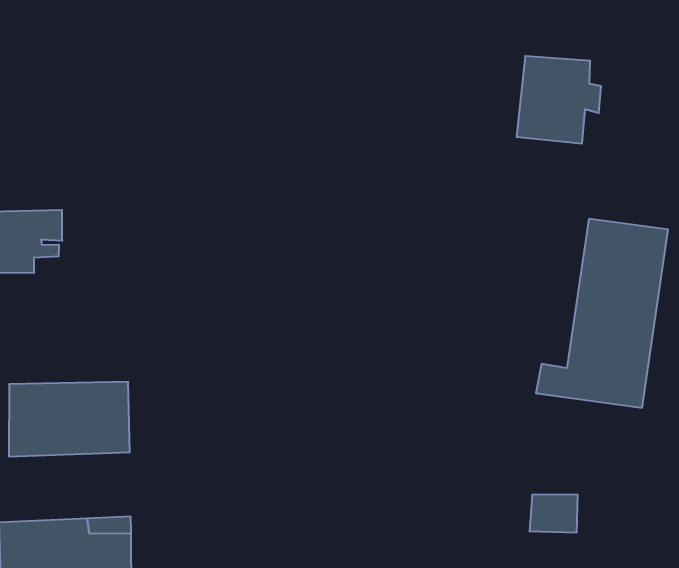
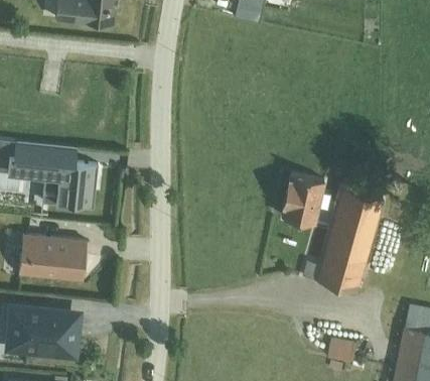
building: [517,56,601,144] -> [281,174,329,225]
building: none -> [39,160,96,217]
building: [529,495,578,533] -> [327,339,355,362]

